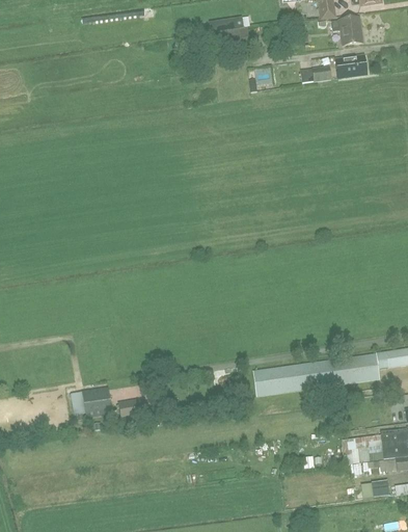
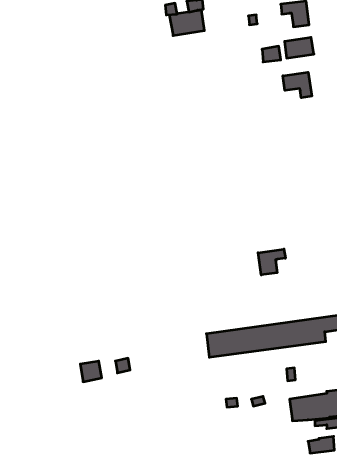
building: none -> [283,72,312,98]
building: none -> [258,249,285,275]
building: [70,387,111,419] -> none

